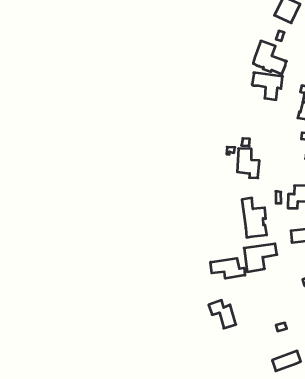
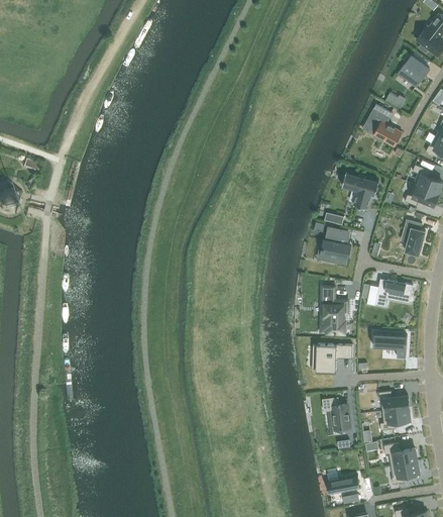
building: [252,73,283,100] -> [342,172,379,208]
building: [211,258,245,278] -> none
building: [209,300,236,328] -> [322,397,350,430]

